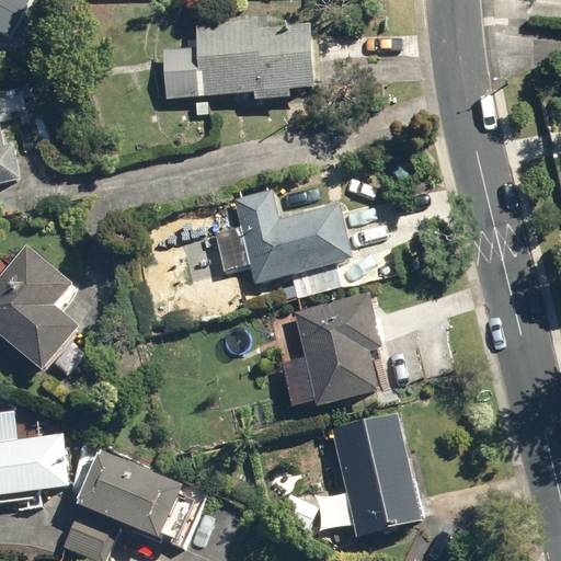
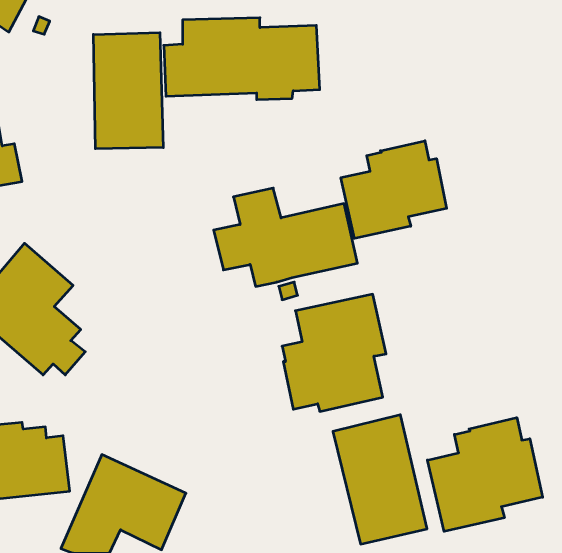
building: none -> [93,33,163,149]
building: none -> [341,141,447,238]
building: none -> [427,418,543,531]

